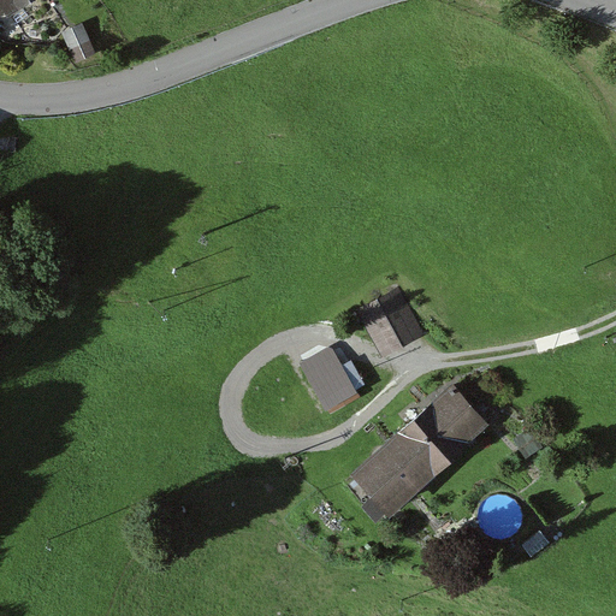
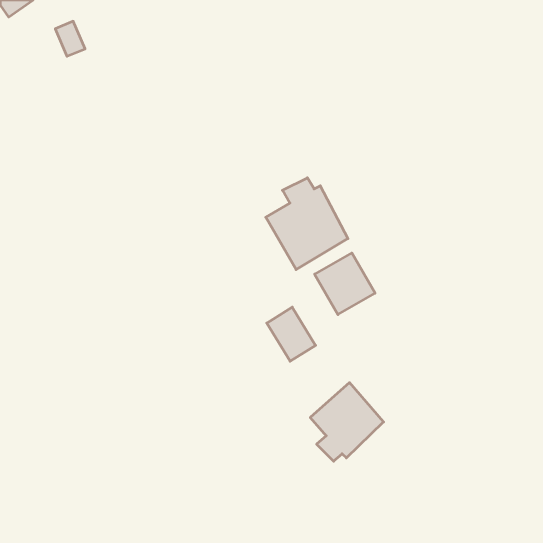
building: none -> [266,178,348,270]
building: [395,384,491,478] -> none

